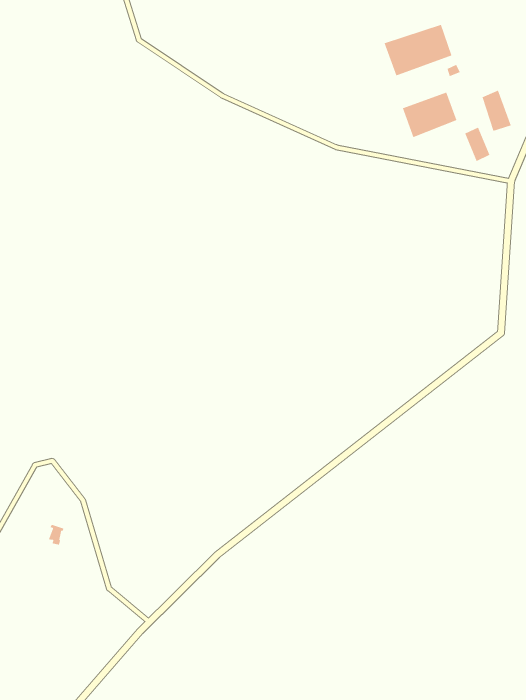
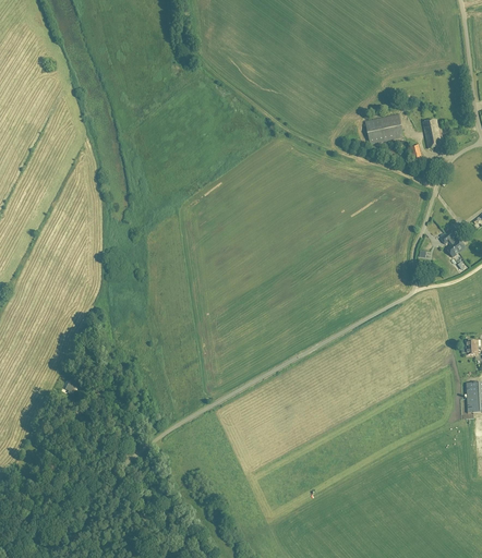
building: [384,24,453,76] -> none

